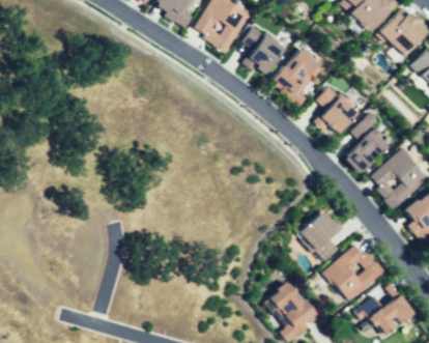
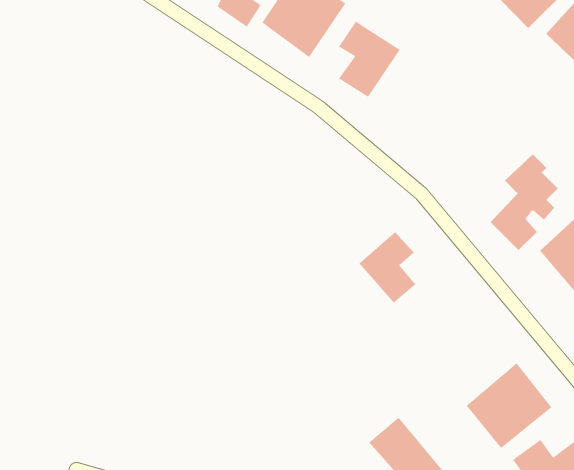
building: [271,46,324,108] -> none
building: [317,85,354,133] -> none
building: [301,213,338,260] -> [359,232,416,303]

